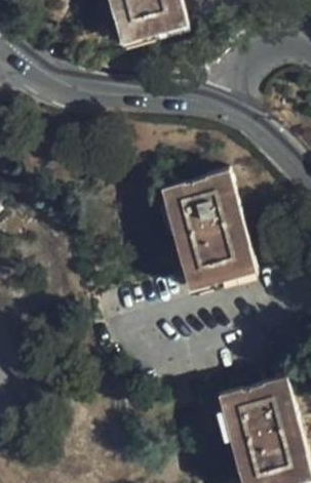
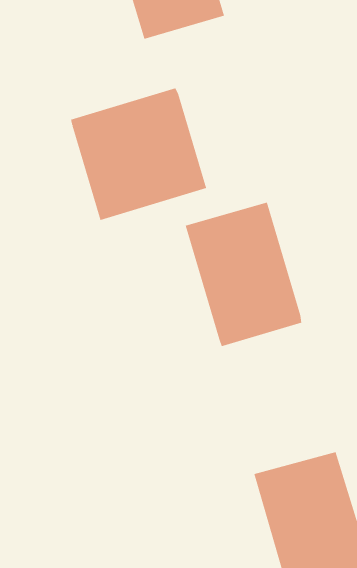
building: none -> [70,88,207,221]

